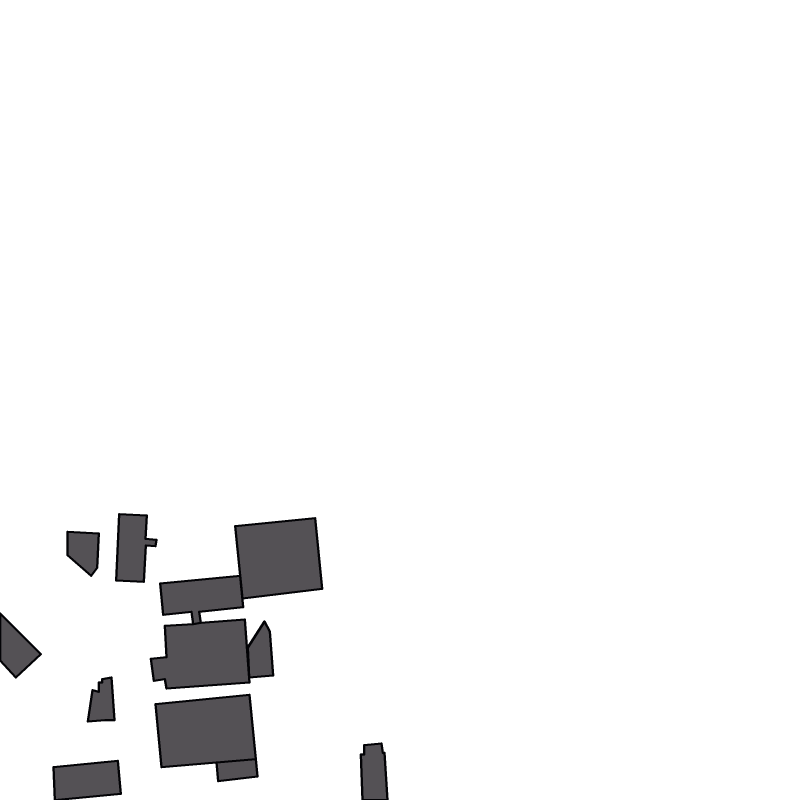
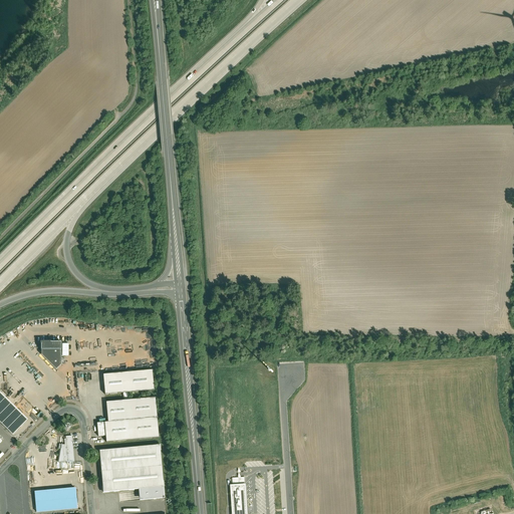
building: [116,514,157,582] -> none
building: [235,518,322,599] -> none
building: [248,622,273,678] -> none

